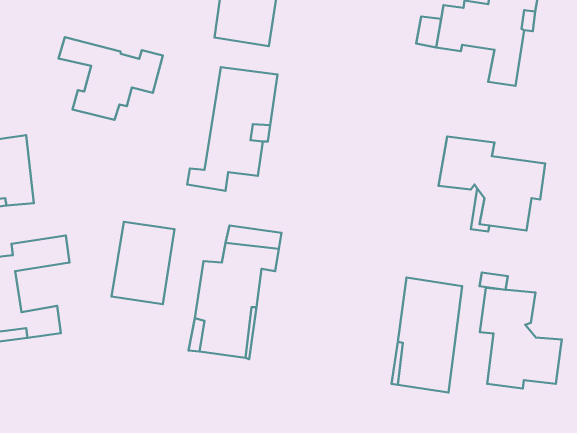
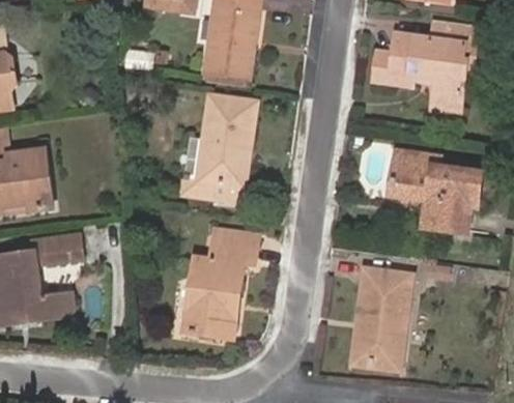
building: [59,37,163,120] -> none
building: [111,222,174,304] -> none
building: [480,288,562,388] -> none

